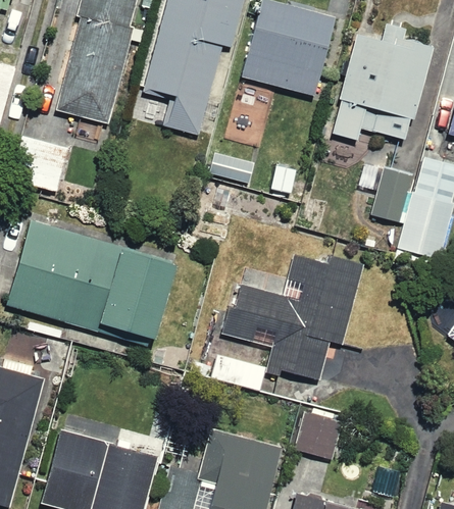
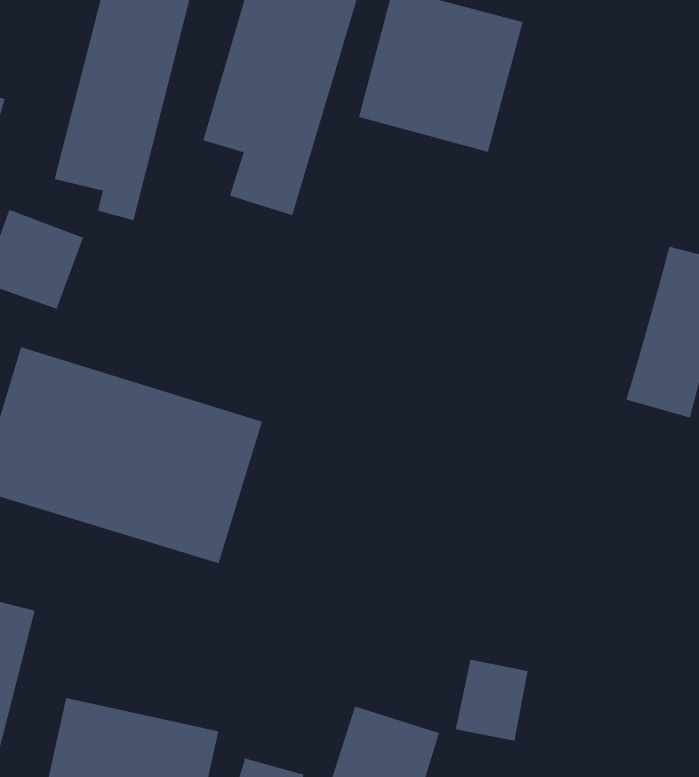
building: [323,12,440,146] -> none
building: [372,171,420,227] -> none
building: [214,251,365,388] -> none

